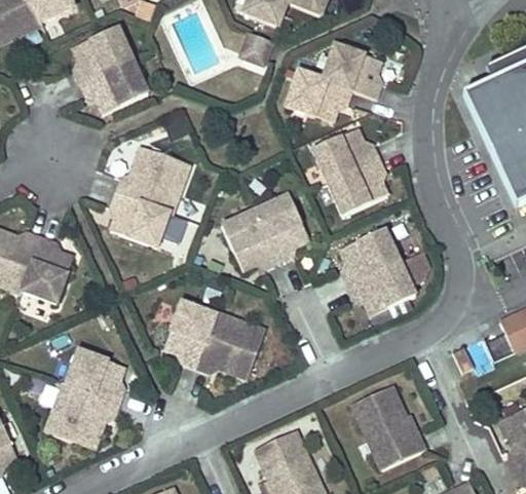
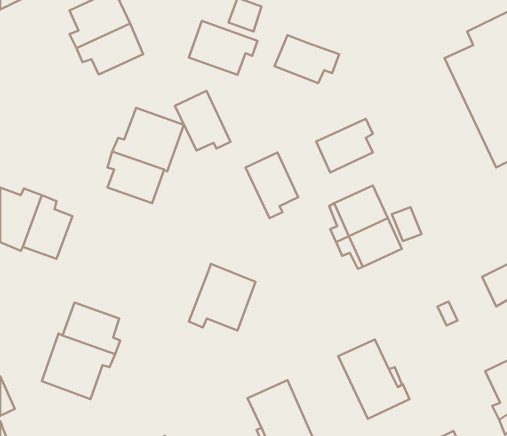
building: [320,44,382,102] -> none
building: none -> [189,21,257,75]
building: [312,127,379,182] -> none
building: [222,208,279,270] -> [175,91,230,151]
building: [164,301,217,368] -> none

